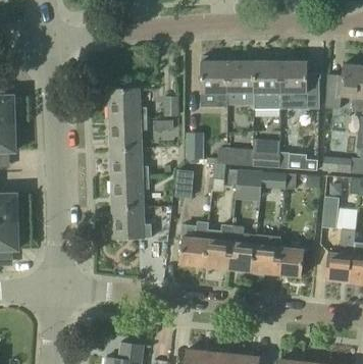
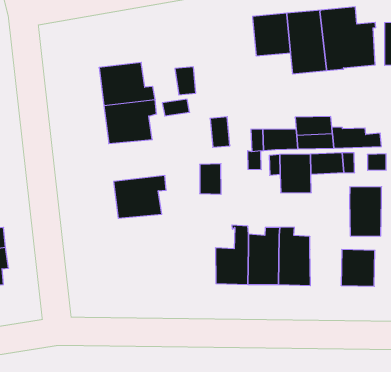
building: [200,56,227,92] -> none
building: [108,149,149,178] -> none
building: [110,207,151,238] -> none
building: [253,235,280,274] -> [350,187,382,236]

